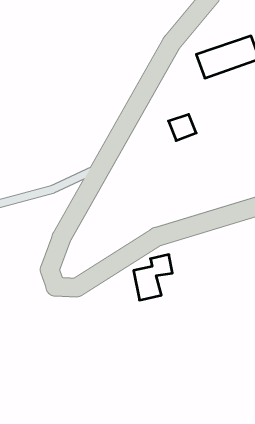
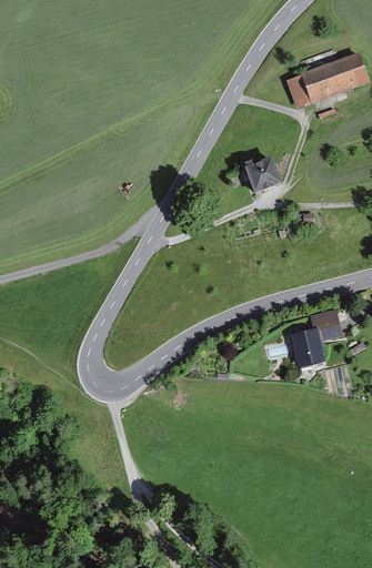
building: [134,255,172,300] -> [290,311,341,371]

